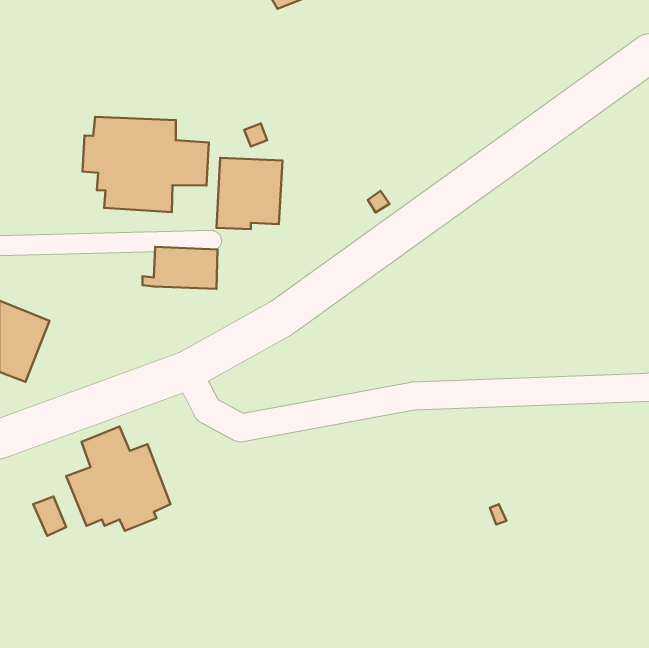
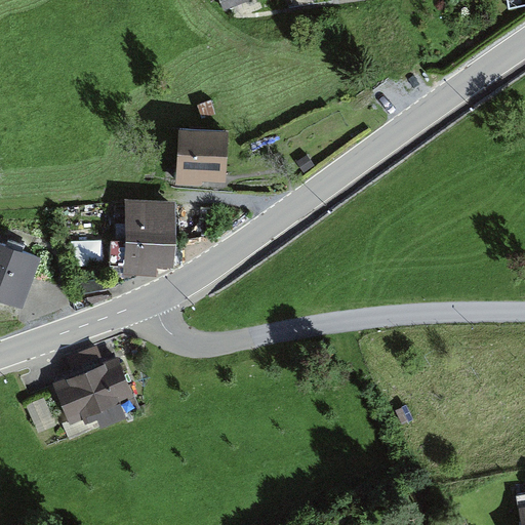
building: [82,117,209,212] -> none
building: none -> [110,231,174,276]

